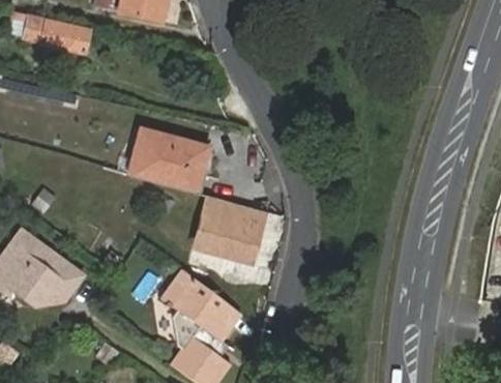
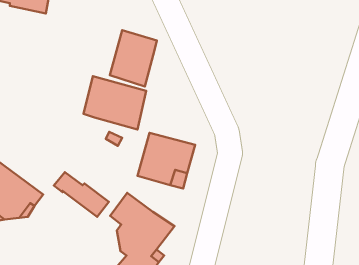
building: none -> [110,30,157,87]
building: none -> [54,172,109,217]

